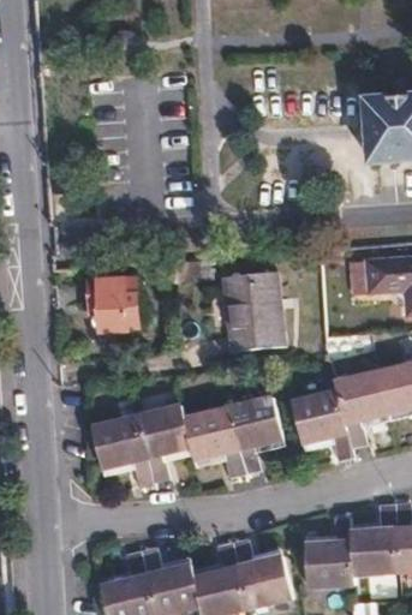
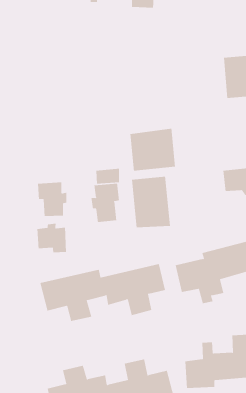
building: none -> [130,128,176,172]
building: none -> [91,183,119,223]
building: none -> [37,223,66,253]

